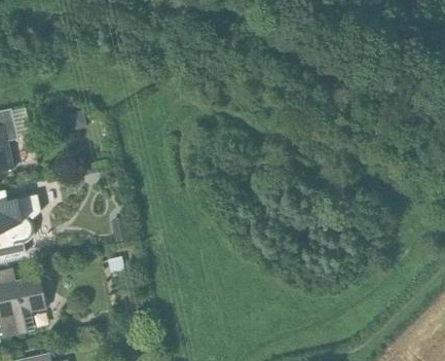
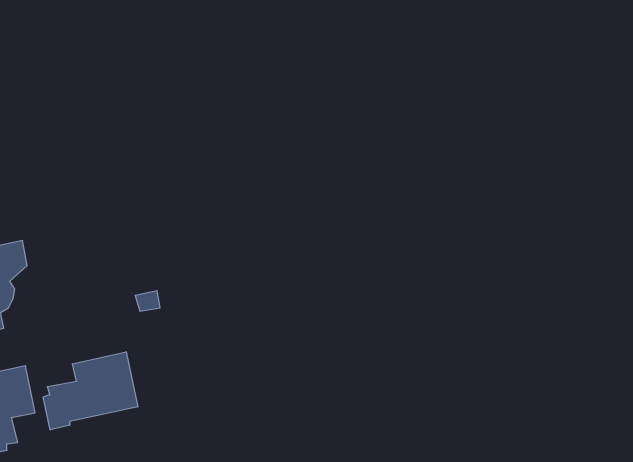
building: none -> [43,352,138,430]

